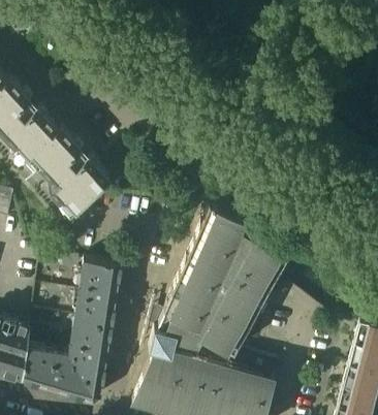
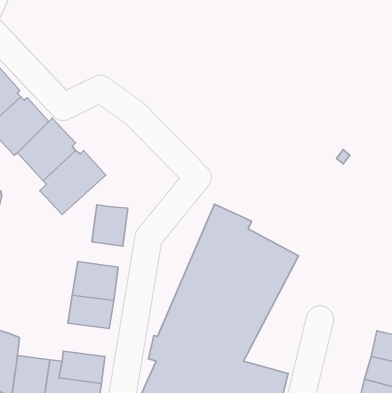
building: none -> [92,205,128,246]
building: [71,314,114,345] -> none

